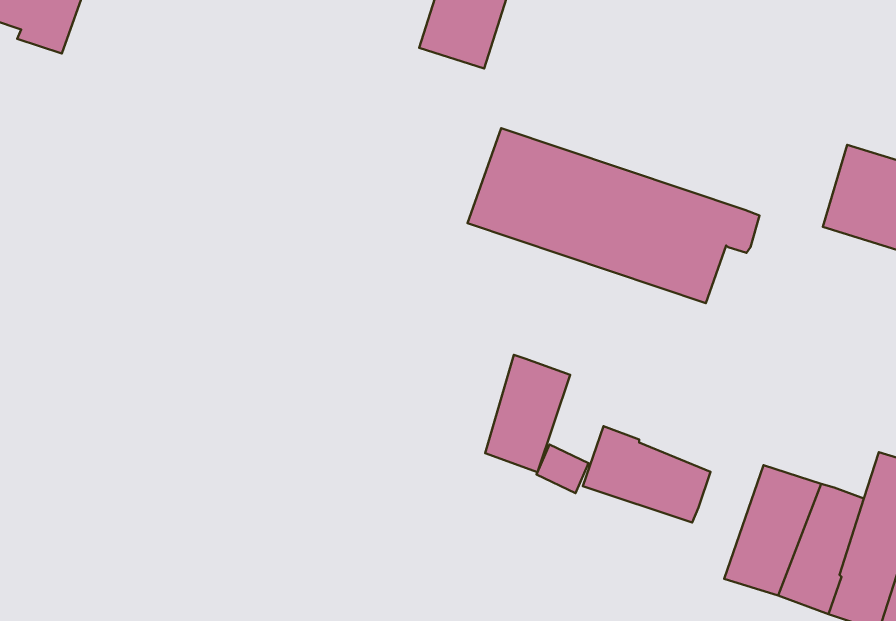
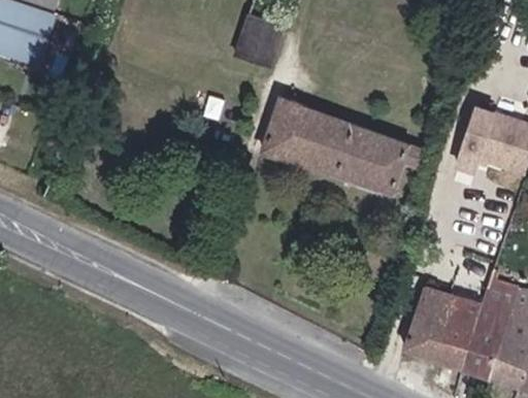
building: [485,355,570,472] -> none
building: [583,426,711,522] -> none

